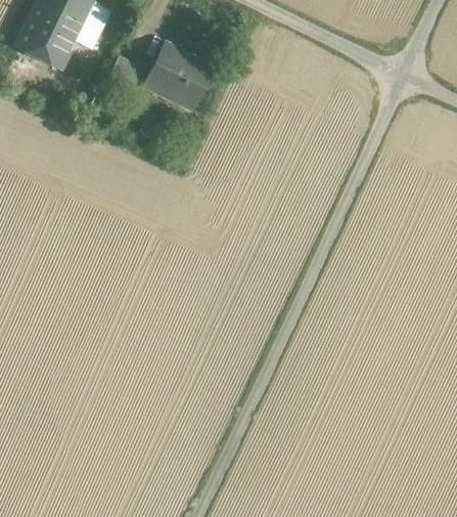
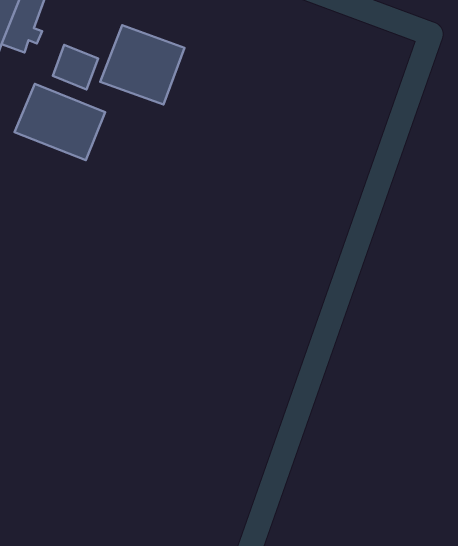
building: none -> [15,84,105,160]

